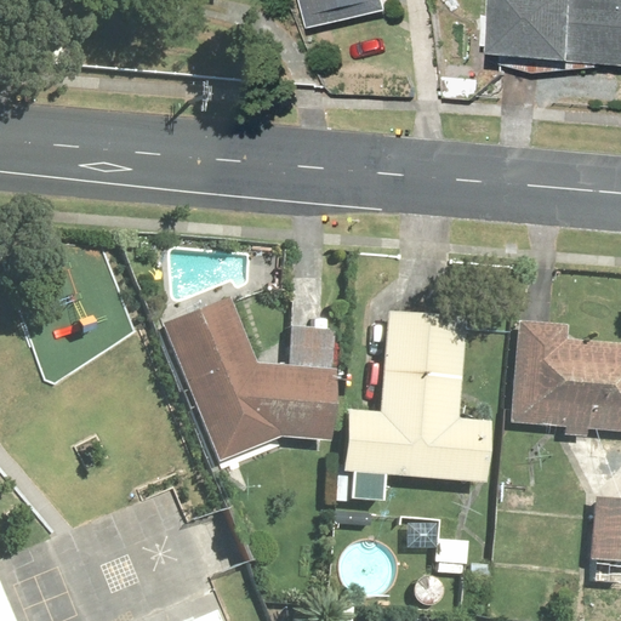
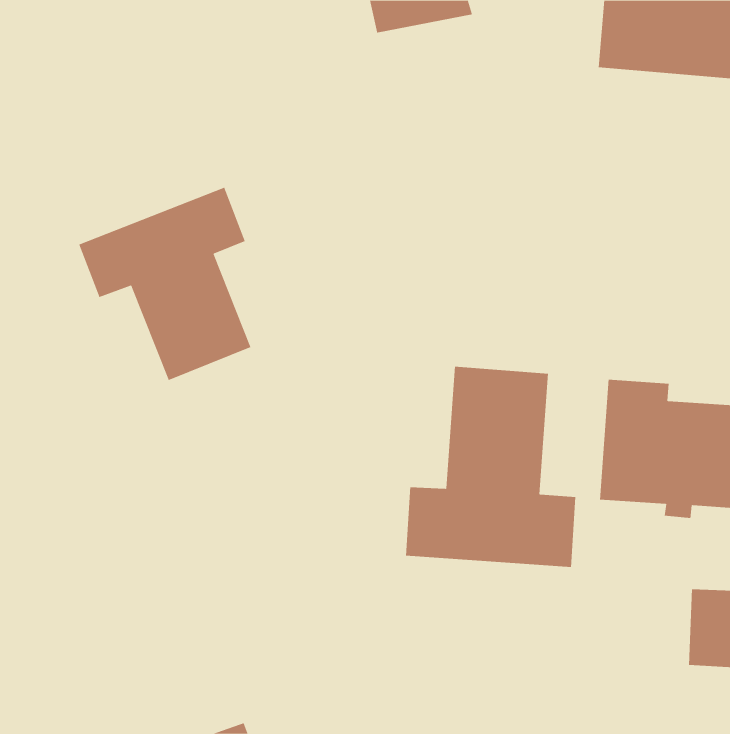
building: none -> [79,187,251,381]
building: [163,294,335,461] -> none

